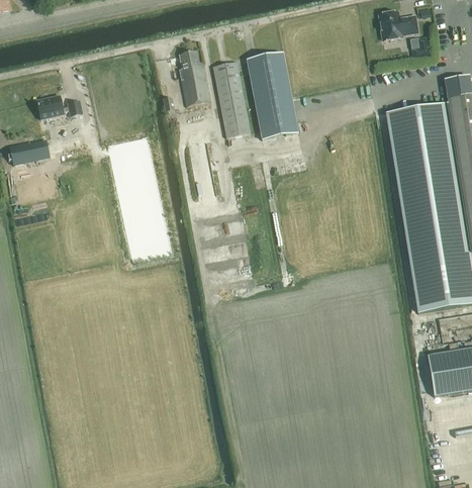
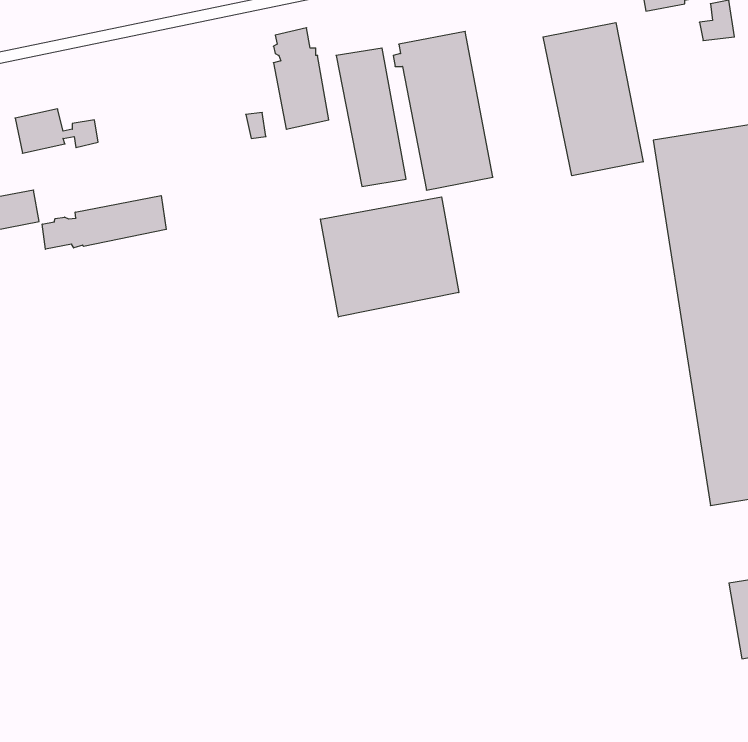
building: none -> [543,23,643,176]
building: none -> [42,196,166,249]
building: none -> [320,197,459,317]

